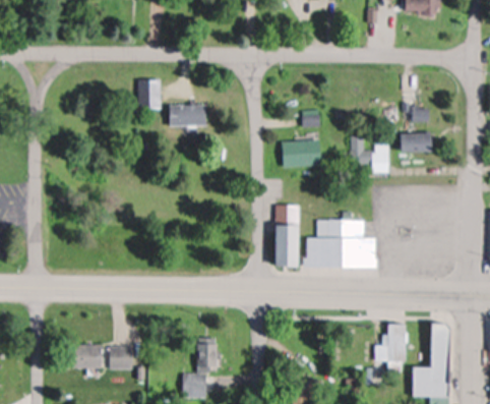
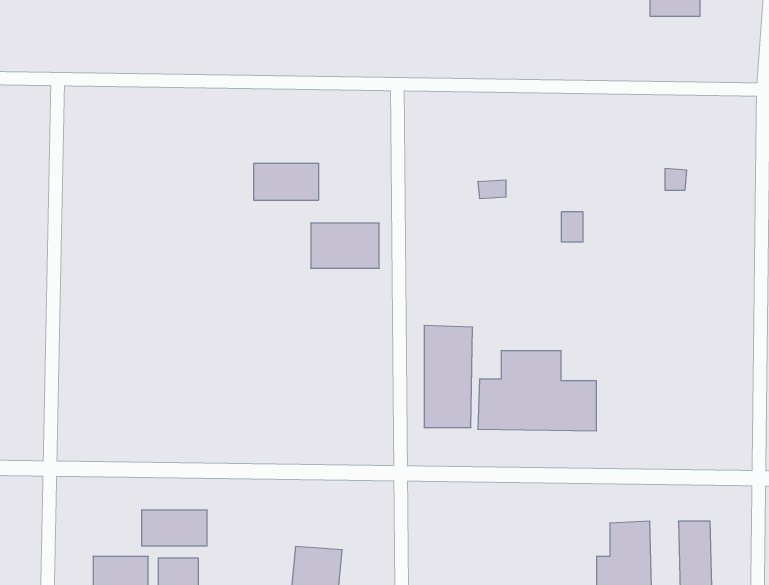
building: [140,79,163,109] -> none
building: [399,134,430,153] -> none
building: [283,139,324,167] -> [311,223,379,268]
building: [372,143,391,173] -> none
building: none -> [142,510,207,546]

